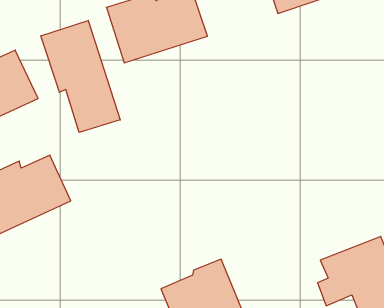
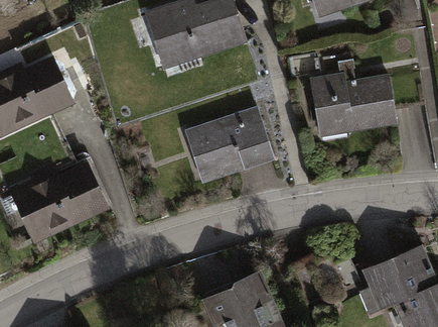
building: [41,20,120,132] -> none
building: none -> [309,58,398,137]
building: none -> [184,105,275,184]

